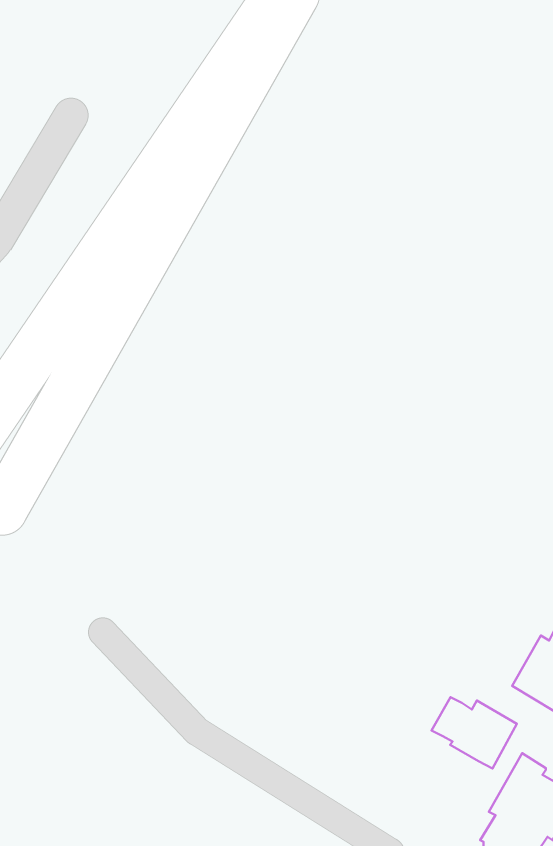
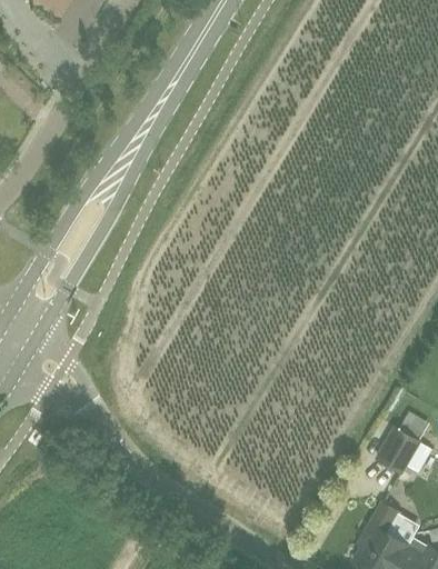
building: [432,697,517,768] -> none

